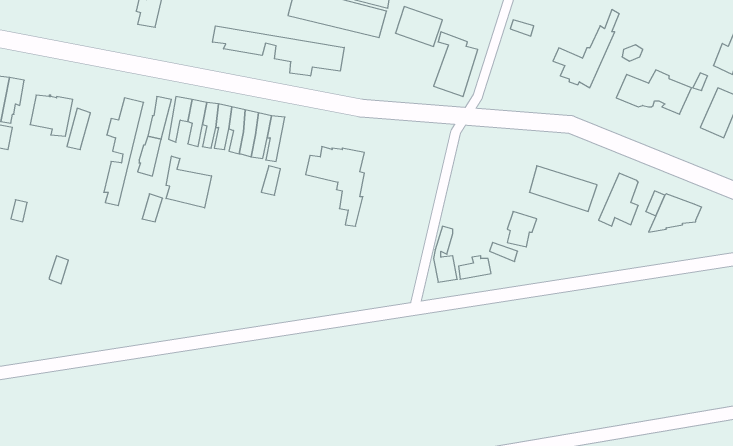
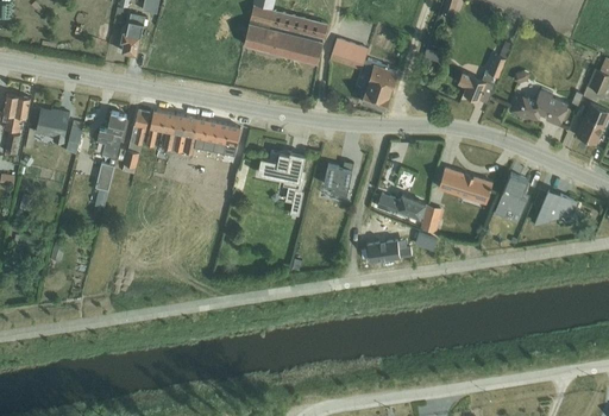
building: [213,26,344,76] -> none
building: [166,156,211,208] -> none
building: none -> [322,163,353,198]
building: none -> [376,194,425,219]

